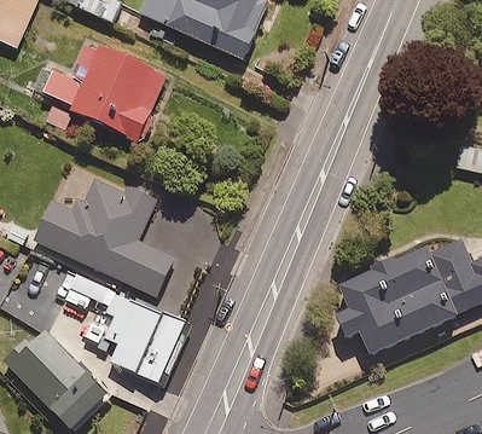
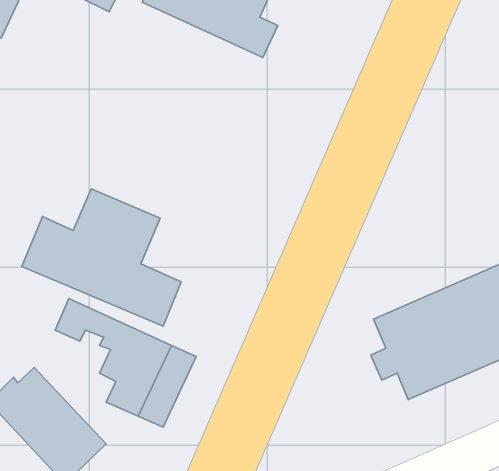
building: [39,44,165,143] -> none

